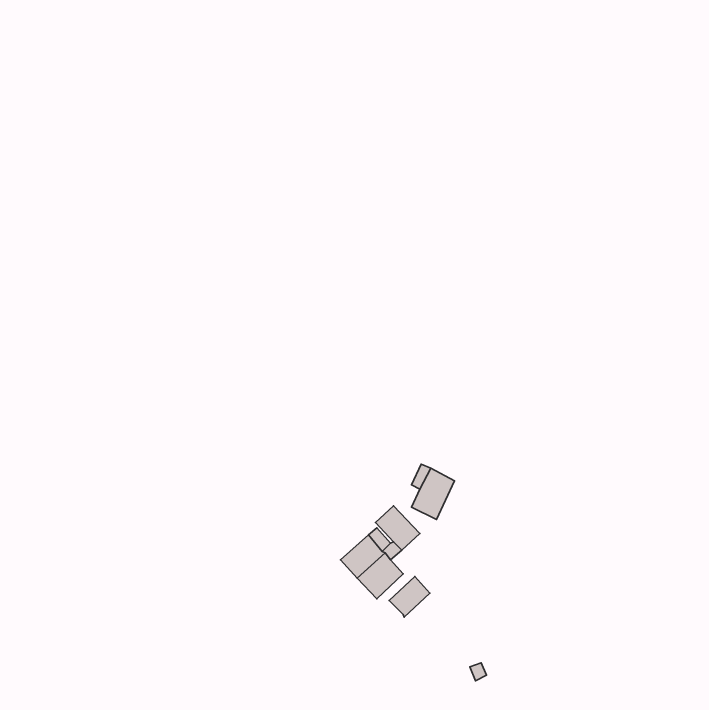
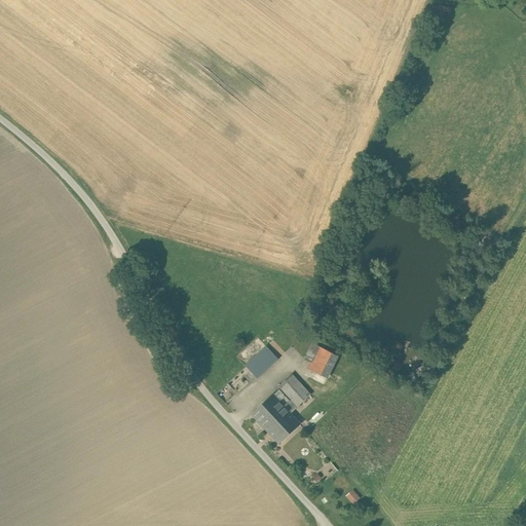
building: none -> [245,346,276,378]
building: [389,577,430,617] -> none

